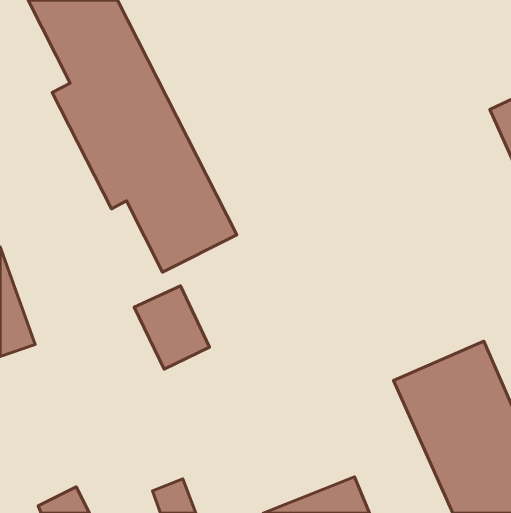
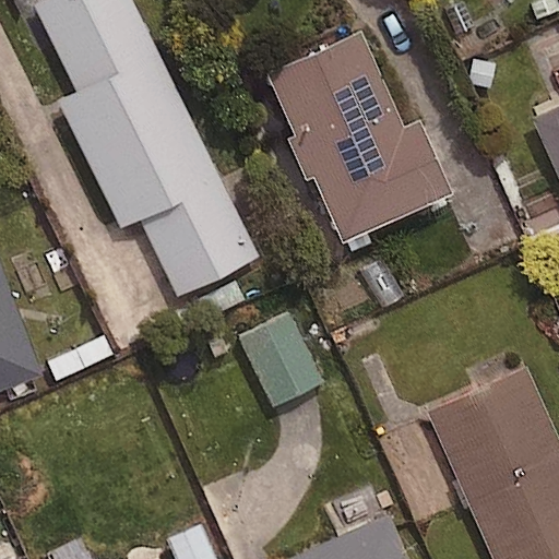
building: none -> [264,33,448,243]
building: [134,286,209,369] -> [241,314,323,405]

